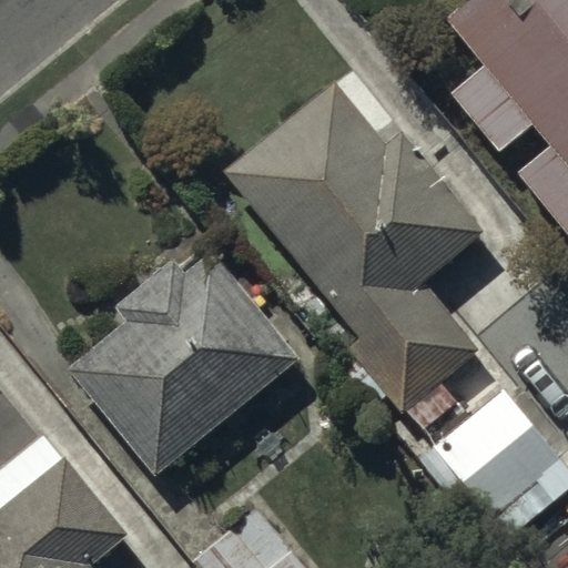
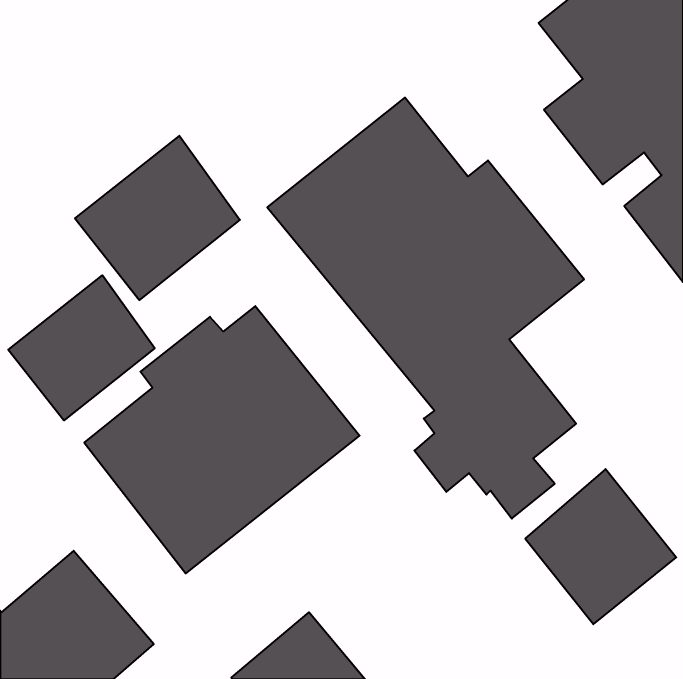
building: none -> [75,136,240,300]
building: none -> [8,275,155,420]

